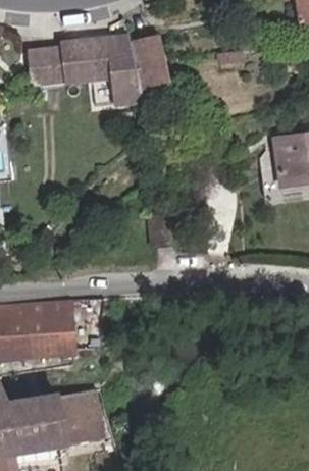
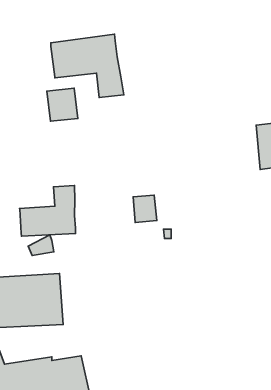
building: [128,47,159,89] -> none
building: [30,56,63,92] -> [47,88,78,121]
building: none -> [20,185,76,236]

